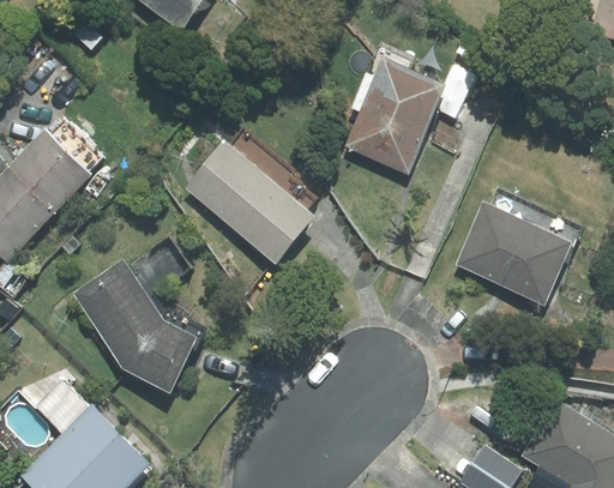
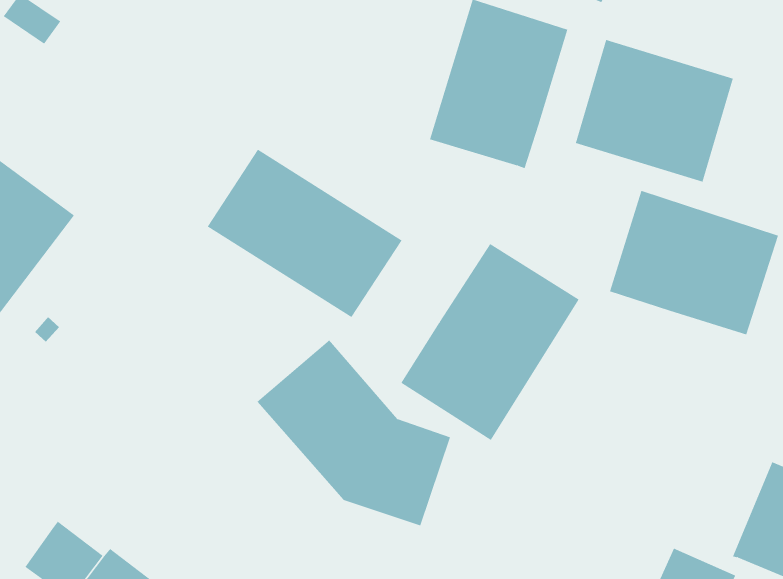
building: none -> [575,39,733,182]
building: none -> [401,243,579,441]
building: [70,257,200,392] -> [256,339,451,526]

